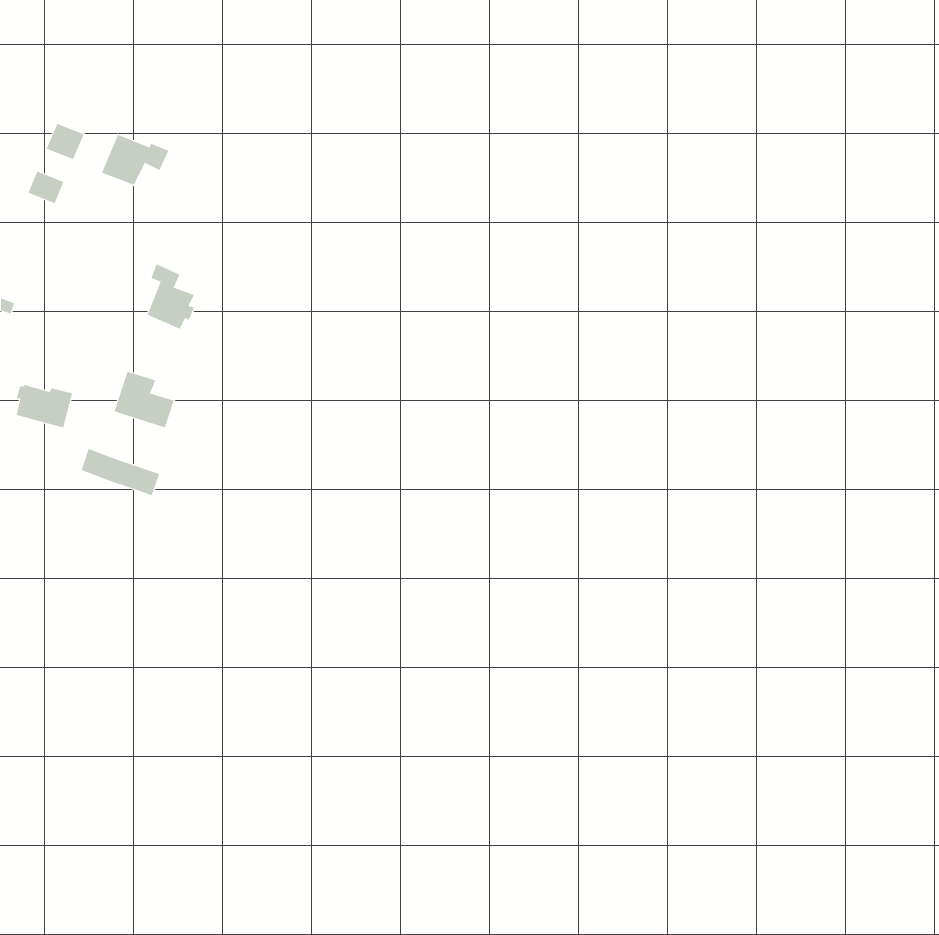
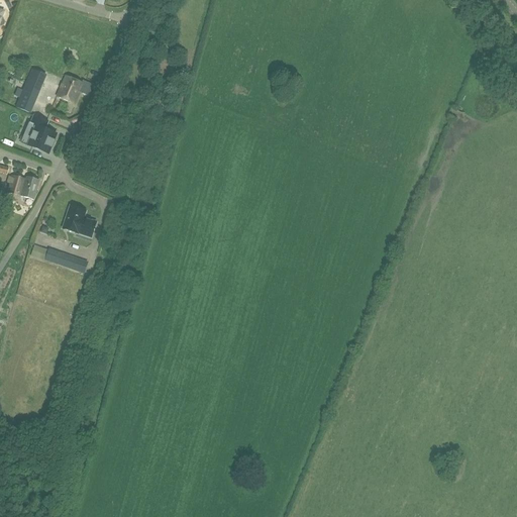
building: [147,263,195,330] -> [28,115,55,151]
building: [16,384,73,428] -> [7,174,38,198]

